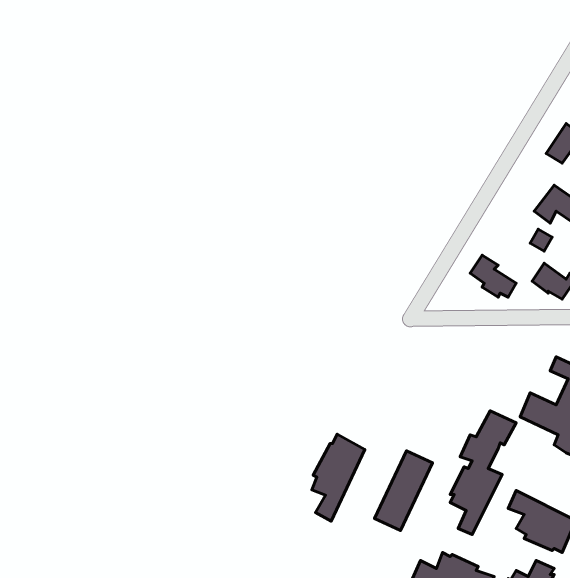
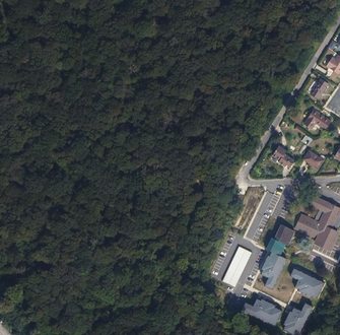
building: [312,434,365,521] -> none

